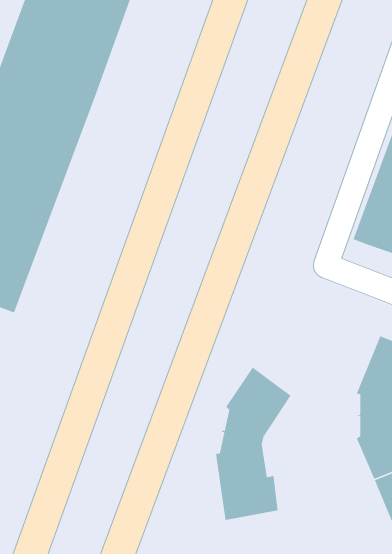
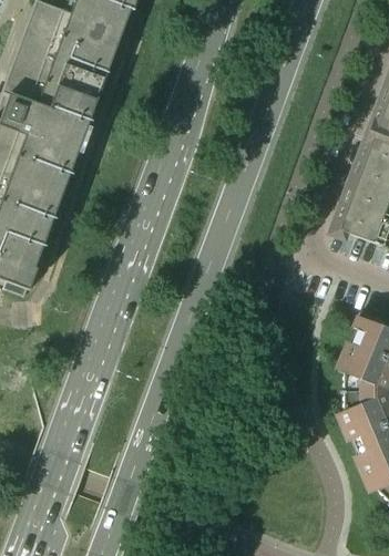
building: [215,366,291,521] -> none

